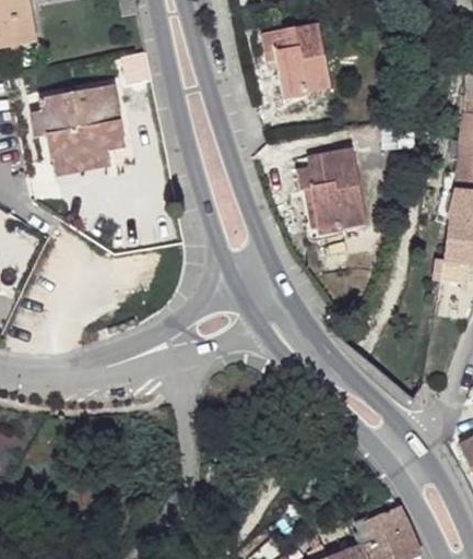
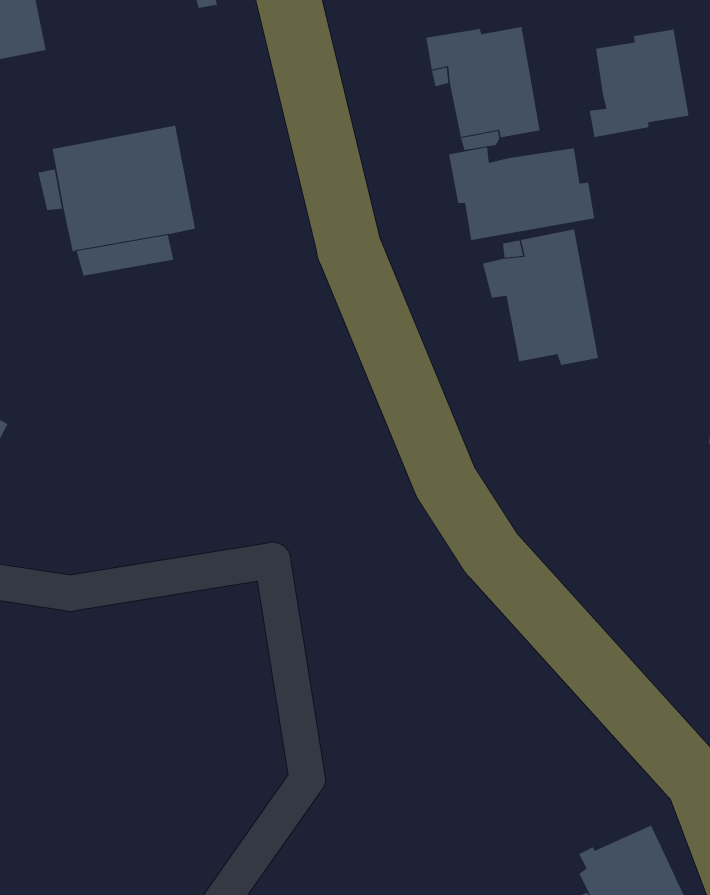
building: none -> [589,29,689,138]
building: none -> [448,147,595,241]

